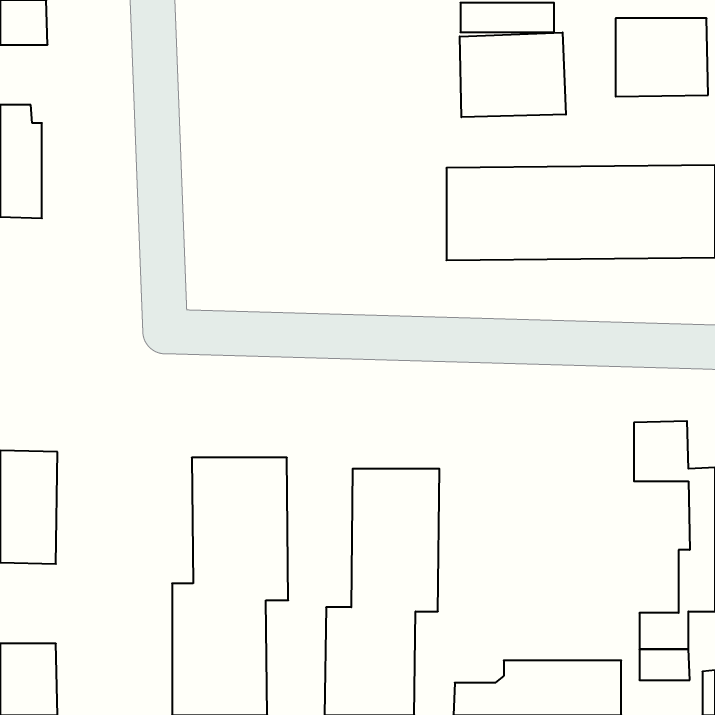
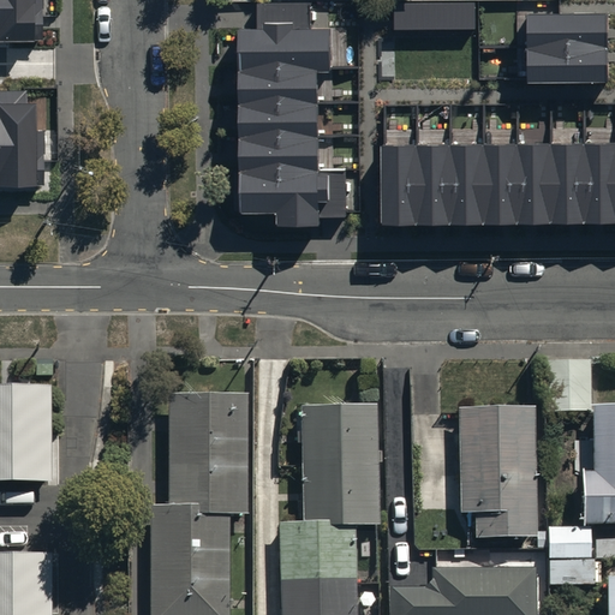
building: none -> [240,5,346,226]
building: [460,32,566,117] -> none
building: none -> [458,406,536,537]

